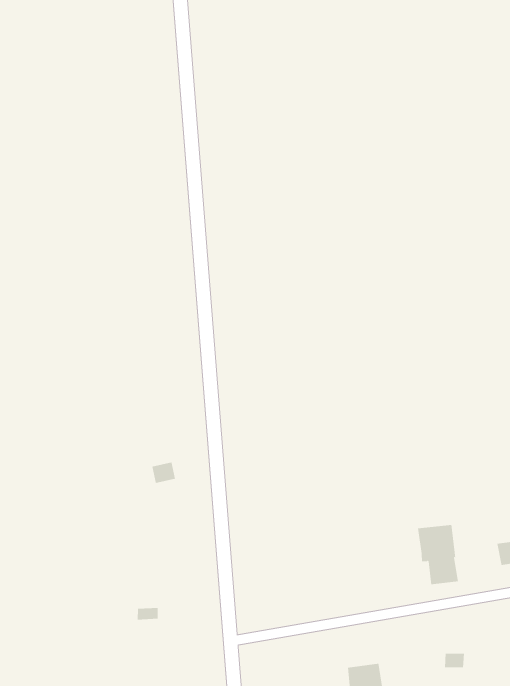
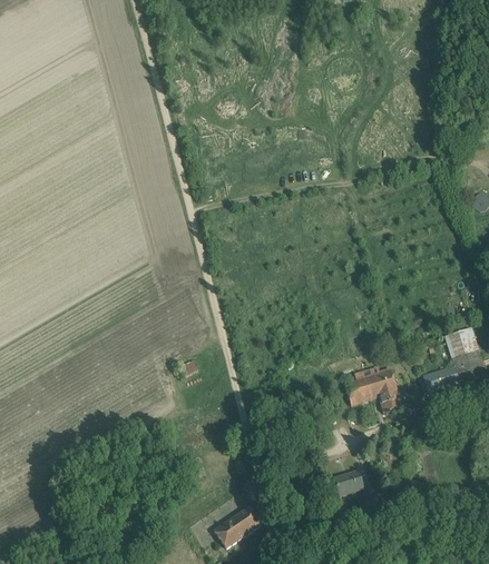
building: none -> [343,375,373,404]

